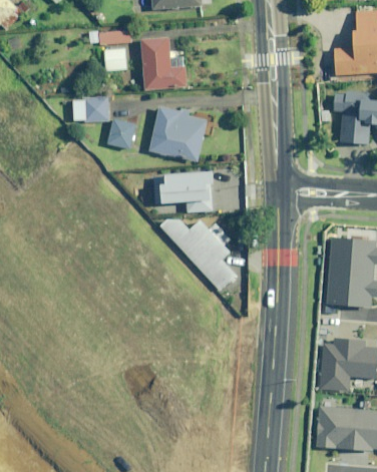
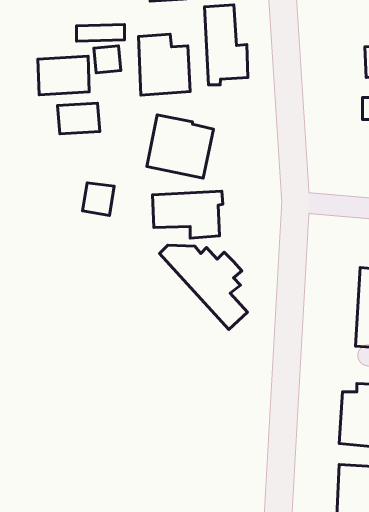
building: none -> [204,5,248,85]
building: none -> [38,56,89,95]
building: [107,119,134,147] -> [82,183,114,216]

